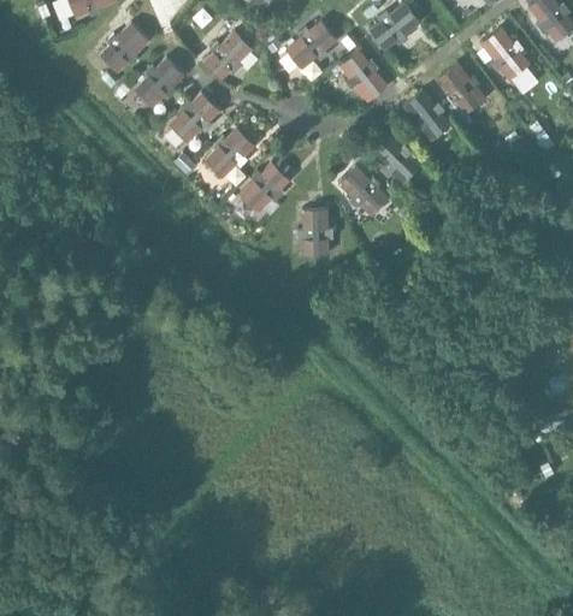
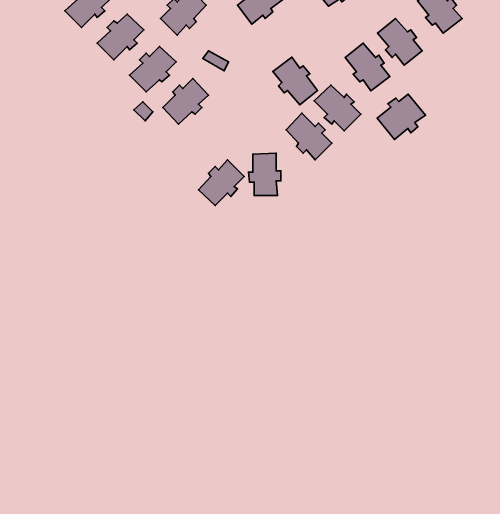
building: [338,49,386,101] -> [273,57,317,105]
building: none -> [377,94,425,139]
building: [240,162,289,212] -> [199,160,244,206]

